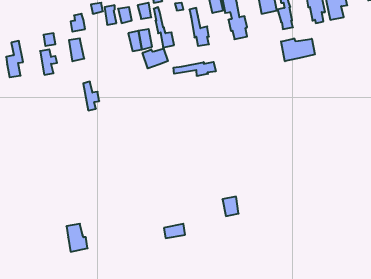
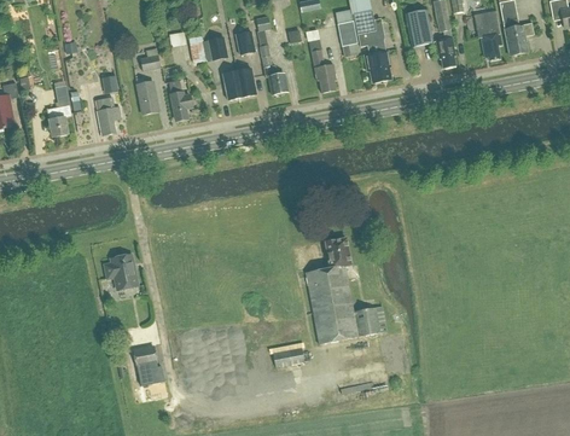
building: [281,38,315,61] -> none
building: [143,49,168,68] -> none
building: [174,62,216,76] -> none
building: [83,82,99,110] -> [169,79,192,120]
building: none -> [306,237,359,343]
building: none -> [105,254,138,289]

